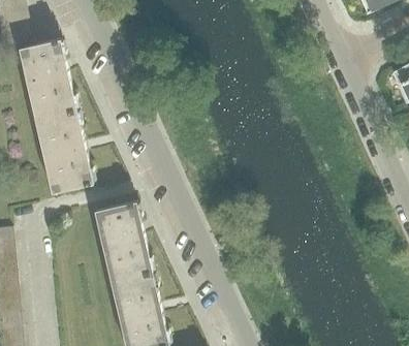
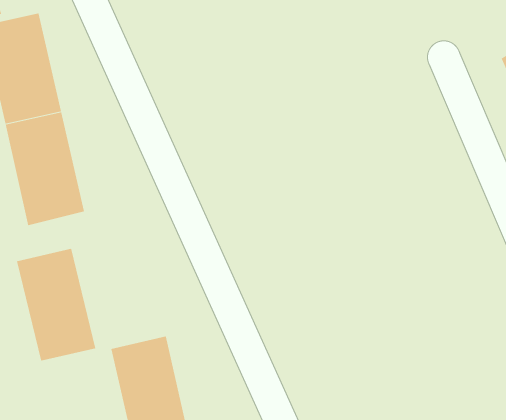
building: [94,200,152,282] -> [16,248,96,361]

